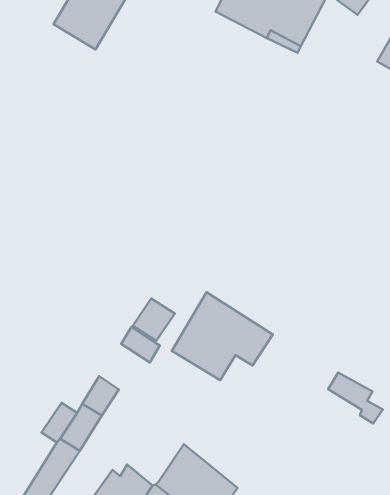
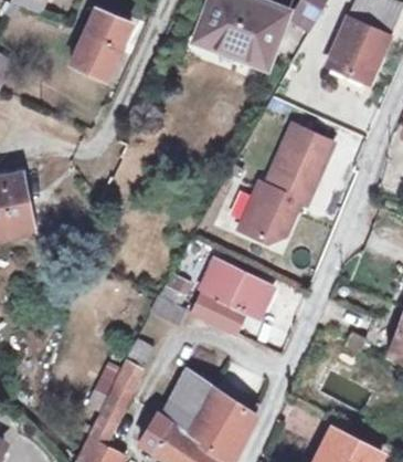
building: none -> [238,125,332,242]
building: none -> [170,371,210,418]

